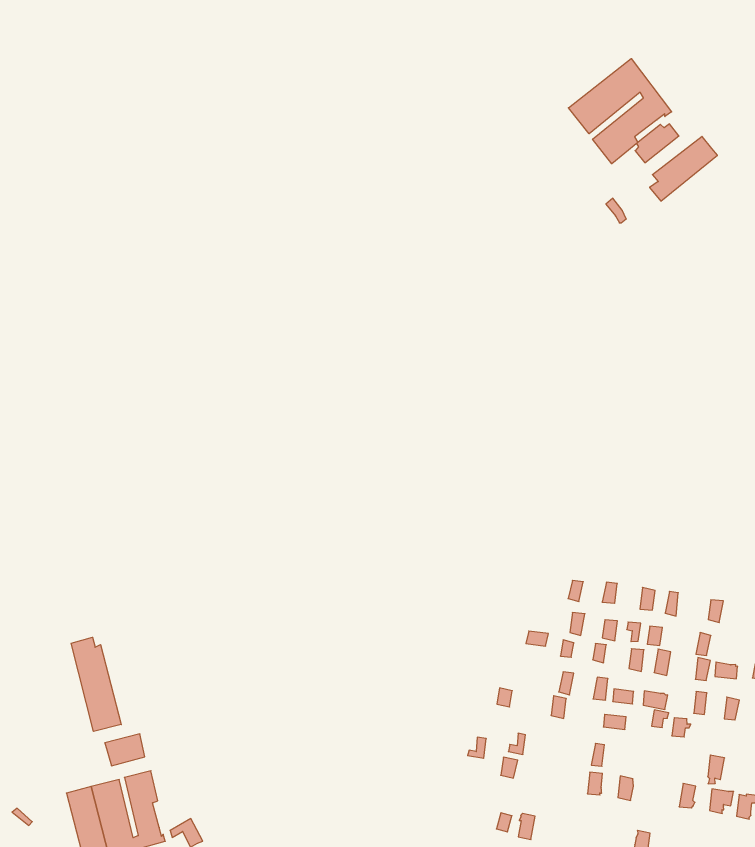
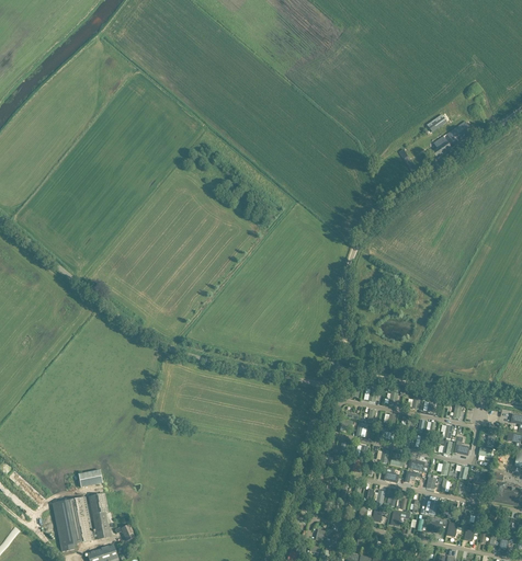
building: [568,59,672,164] -> none
building: [71,637,121,731] -> none

